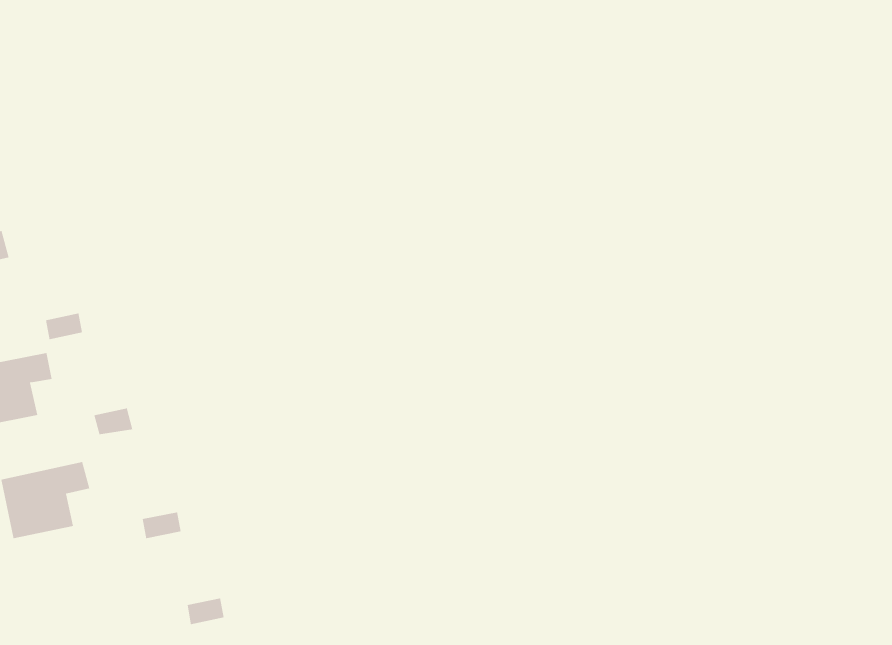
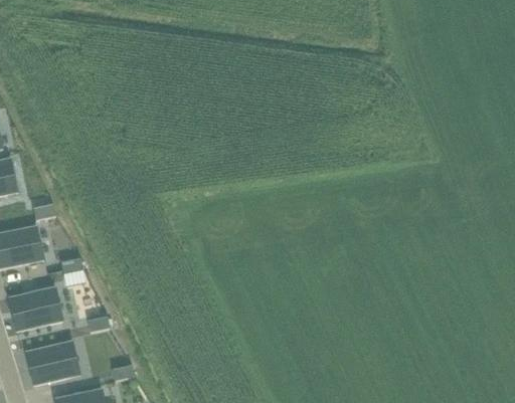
building: none -> [27,342,76,385]

